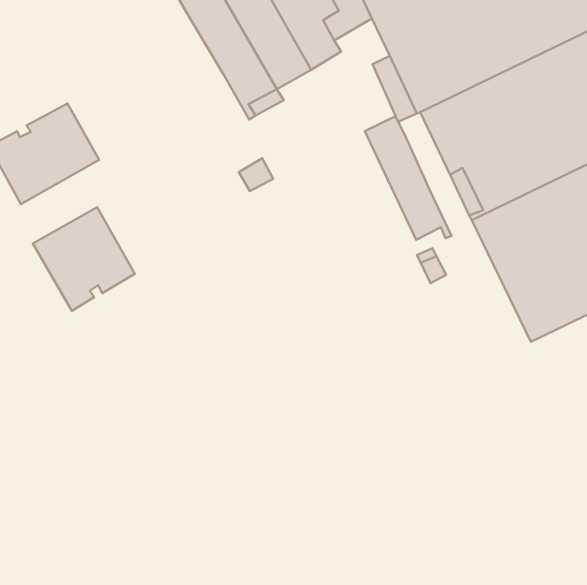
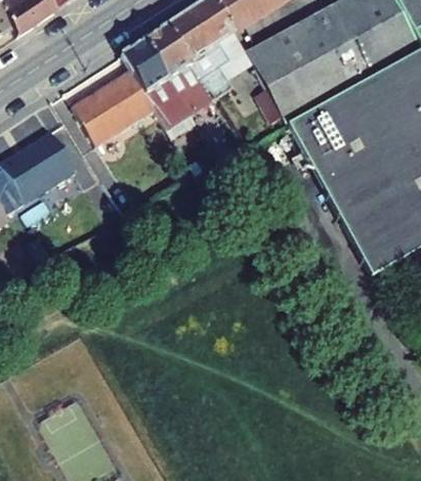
building: none -> [72,68,156,143]
building: [365,116,452,240] -> none
building: [33,207,135,311] -> none

